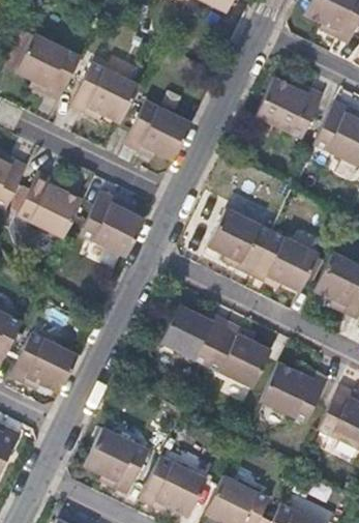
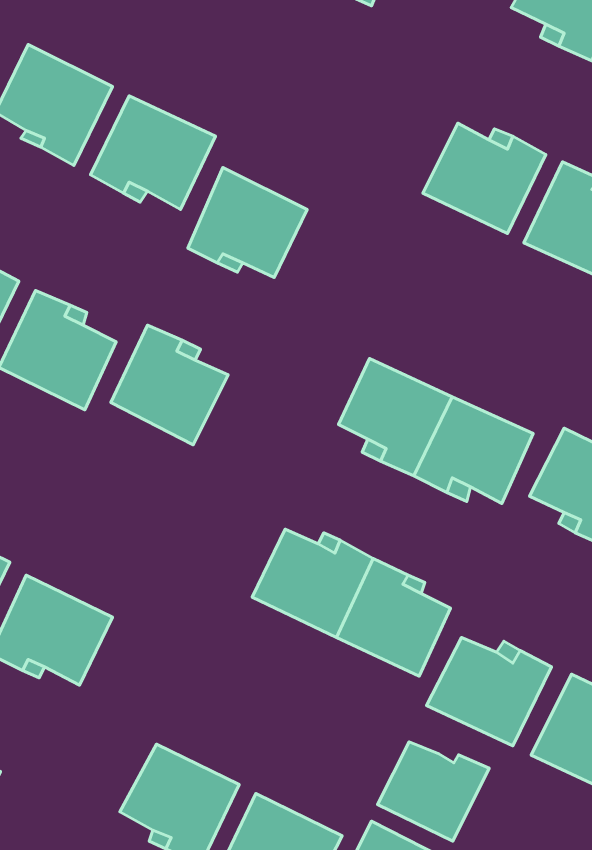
building: none -> [378,742,489,841]

